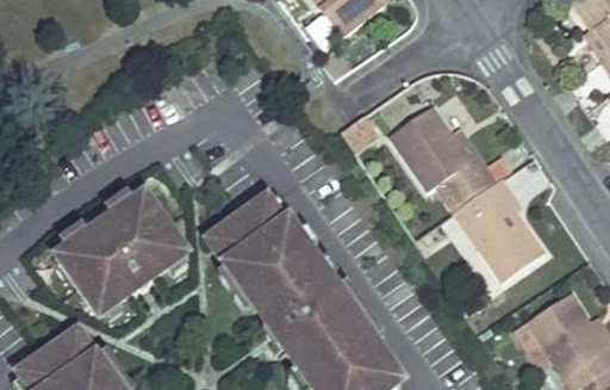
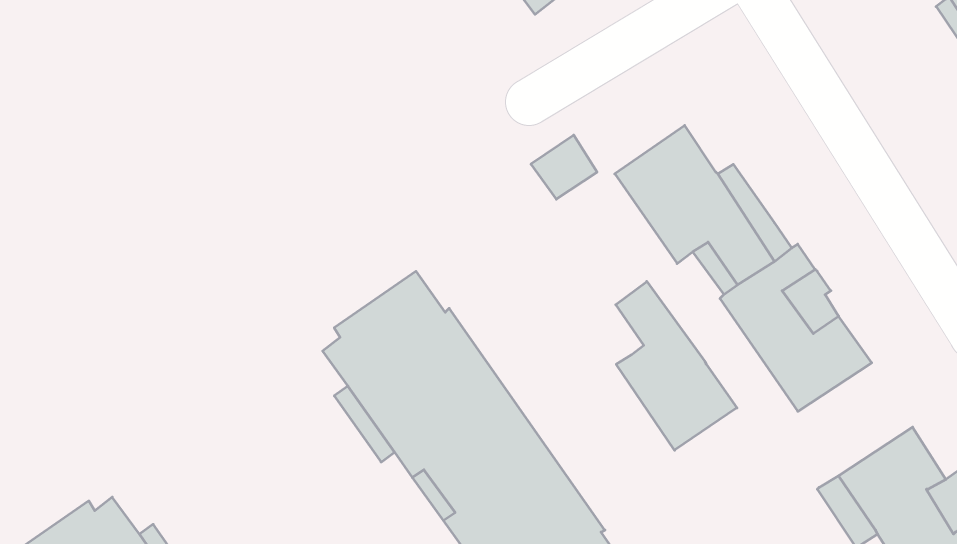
building: [55,192,186,315] -> none
building: none -> [616,281,737,450]

